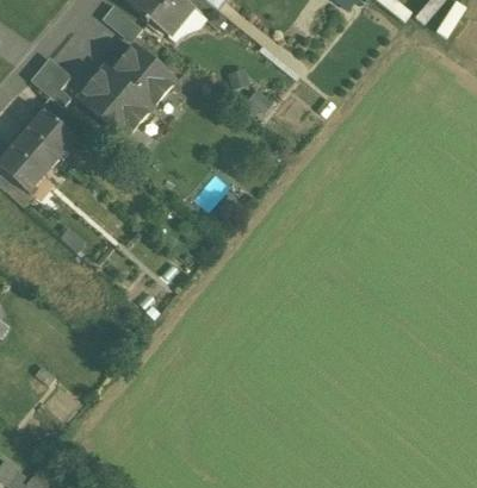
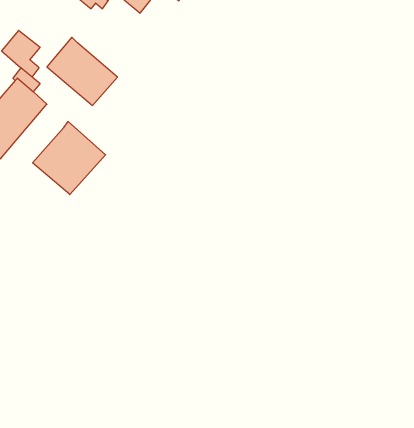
building: [109,44,173,106] -> none
building: none -> [33,122,106,195]

